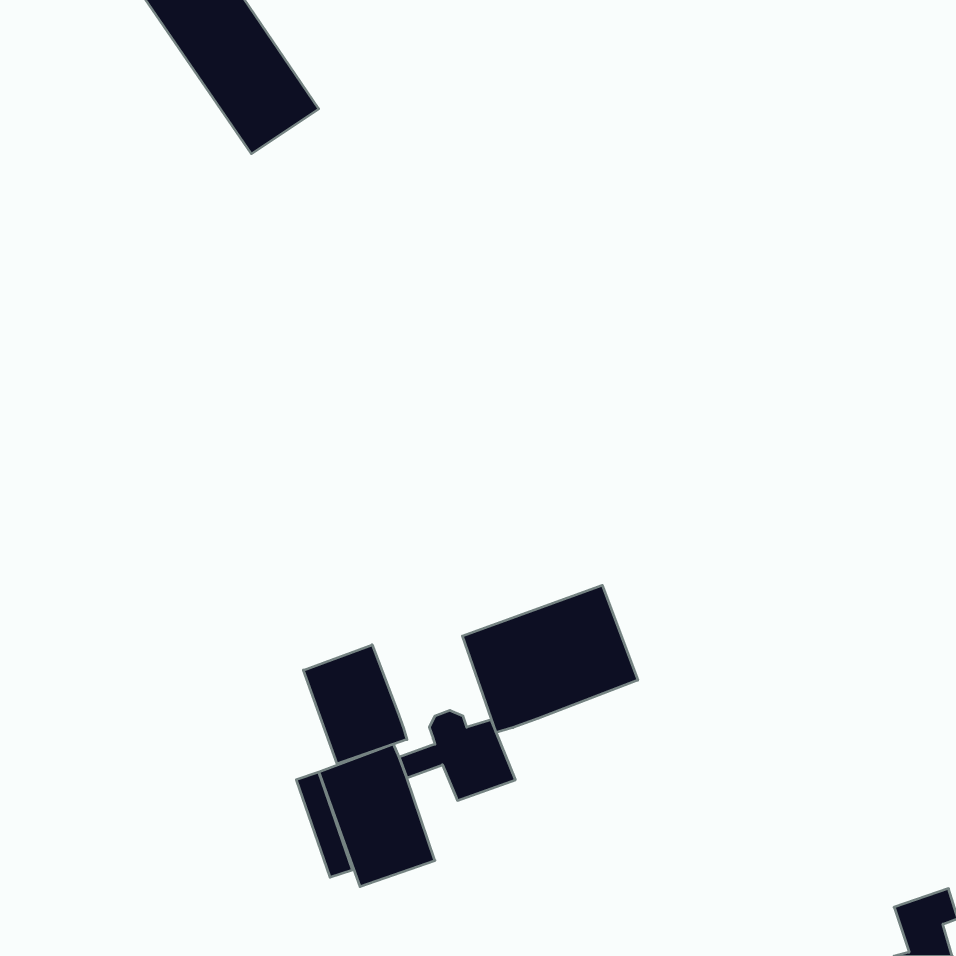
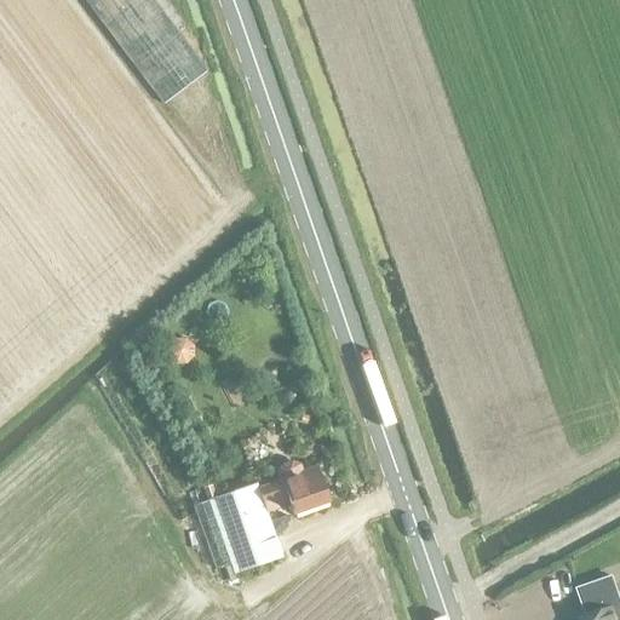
building: [462,585,638,733] -> none
building: [303,645,407,764] -> none

